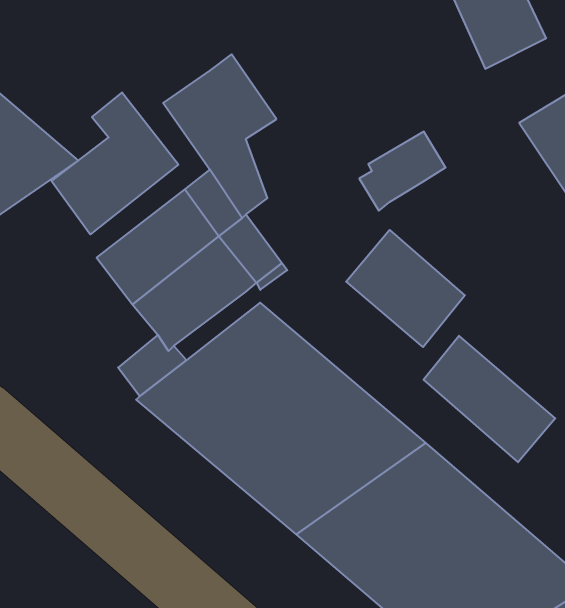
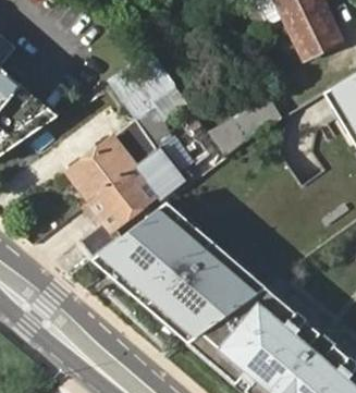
building: [51,92,178,234] -> none
building: [346,230,465,347] -> none
building: [424,336,555,462] -> none

